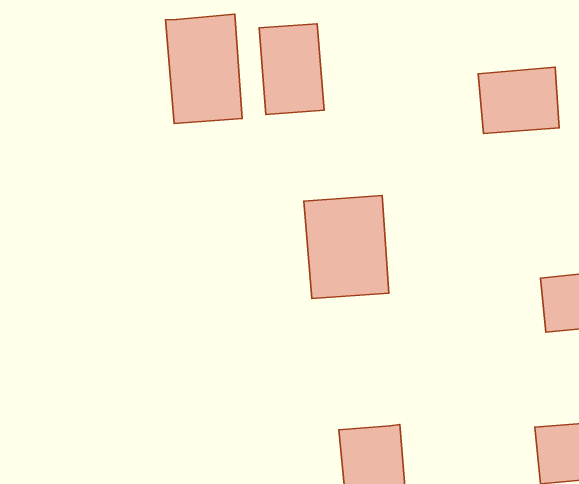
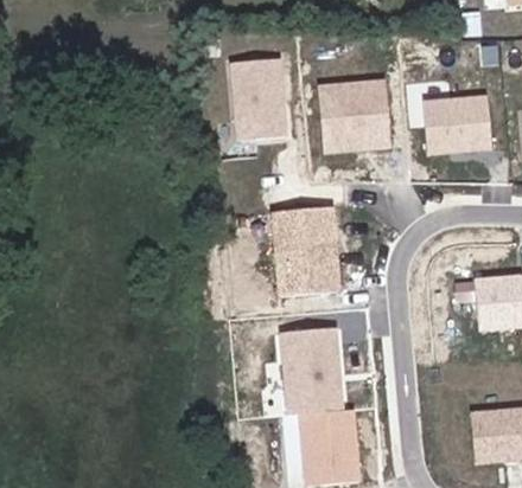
building: [165,14,242,124] -> none
building: none -> [319,81,389,146]
building: none -> [279,328,345,416]

